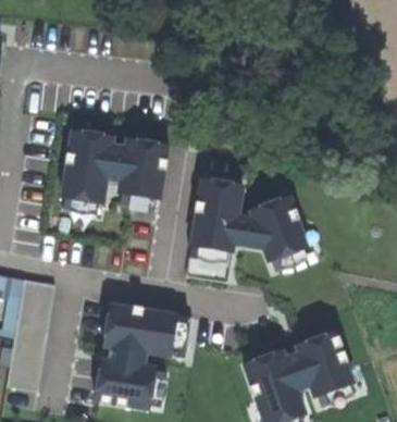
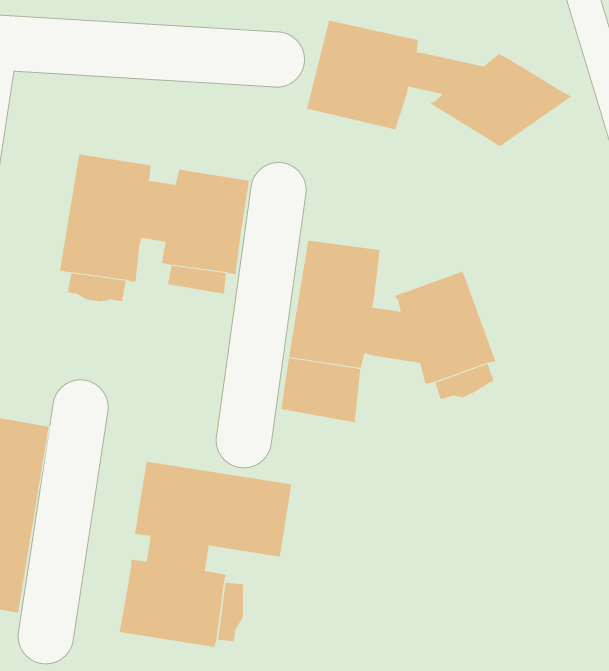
building: none -> [307,20,573,147]
building: [243,330,352,412] -> none

